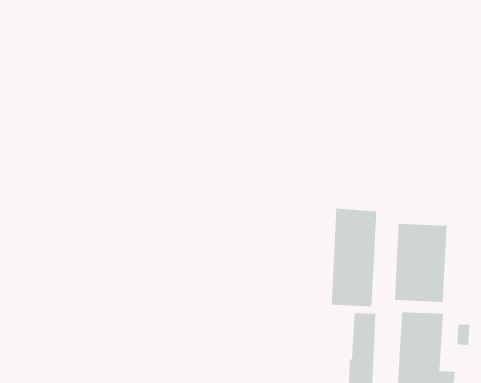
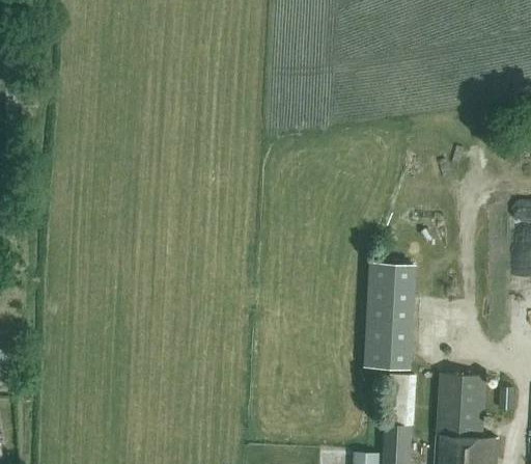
building: [394,223,447,303] -> none

